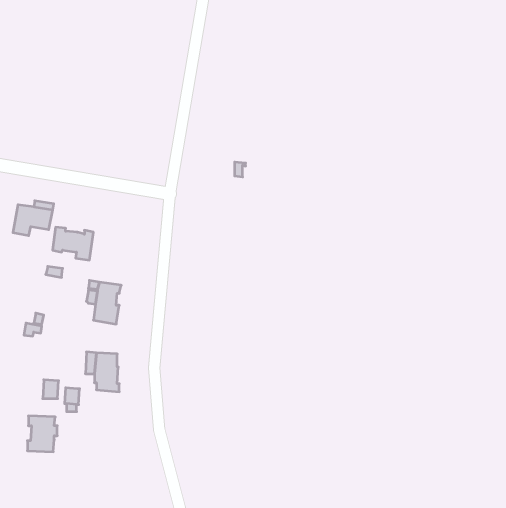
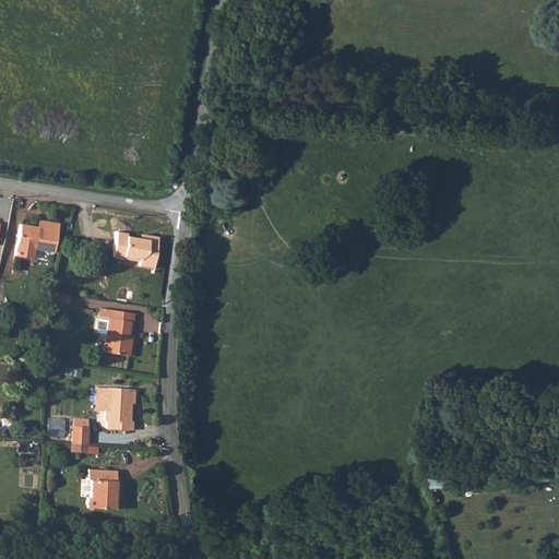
building: [53,227,93,260] -> [114,231,158,267]
building: [27,416,57,452] -> [87,469,120,509]

